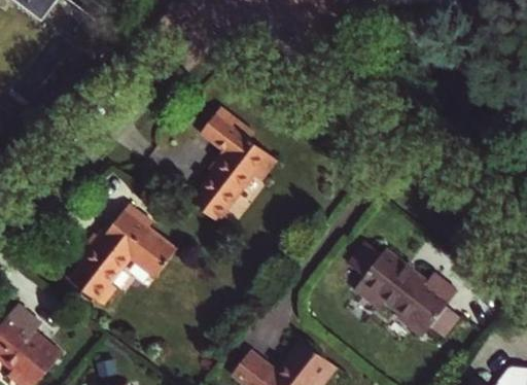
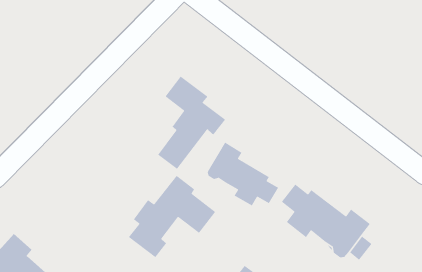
building: none -> [207,142,279,206]
building: [68,207,176,309] -> [128,175,216,258]

